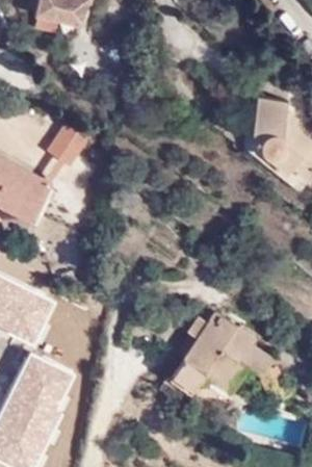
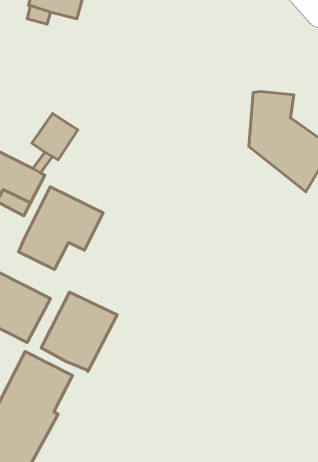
building: none -> [18,187,103,269]
building: none -> [41,292,117,372]
building: [177,325,295,406] -> none

